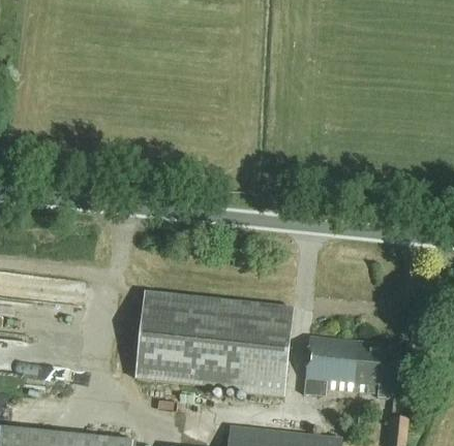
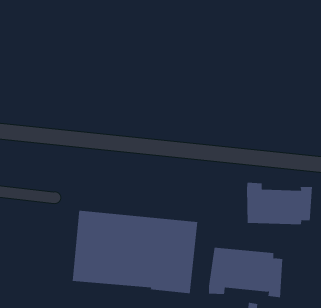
building: none -> [246,182,312,225]

